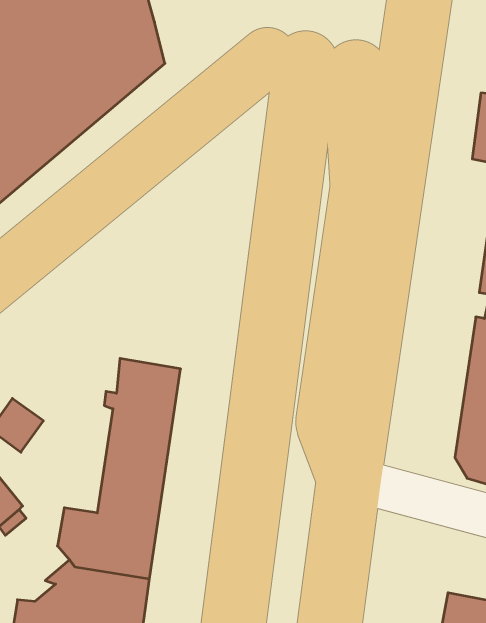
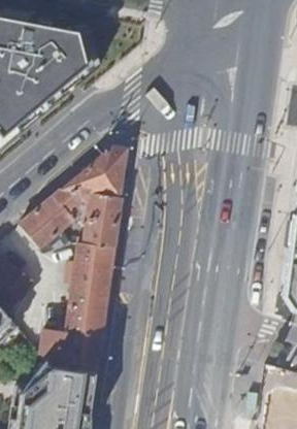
building: none -> [21,143,129,248]

